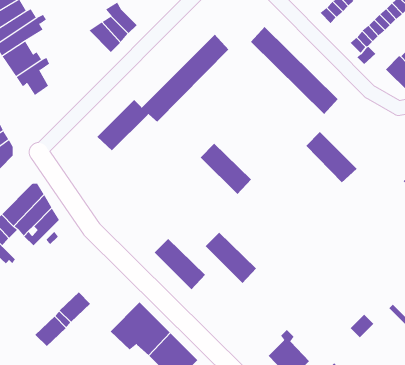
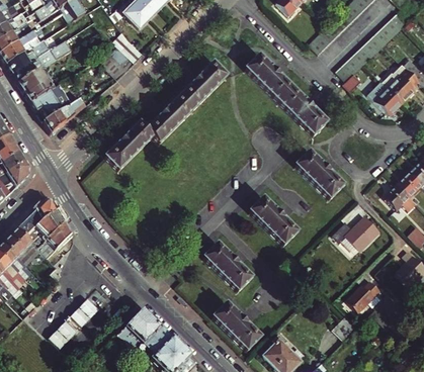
building: none -> [44,97,86,132]
building: [200,143,252,195] -> [250,197,298,245]
building: none -> [333,217,378,253]
building: [154,238,206,290] -> [214,302,261,350]
building: none -> [345,279,378,311]

